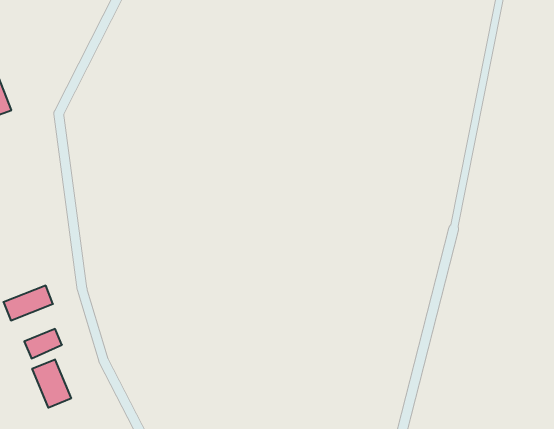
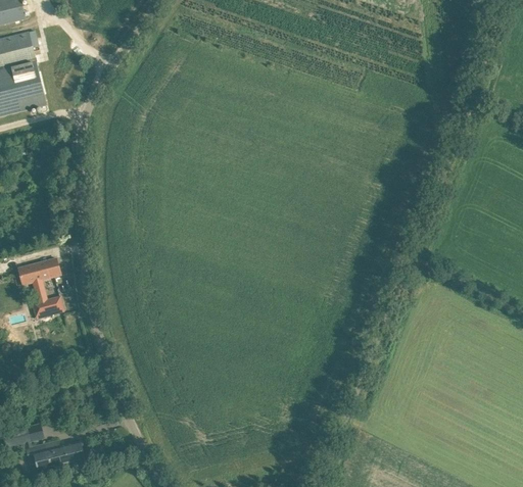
building: [32,359,71,408] -> none

